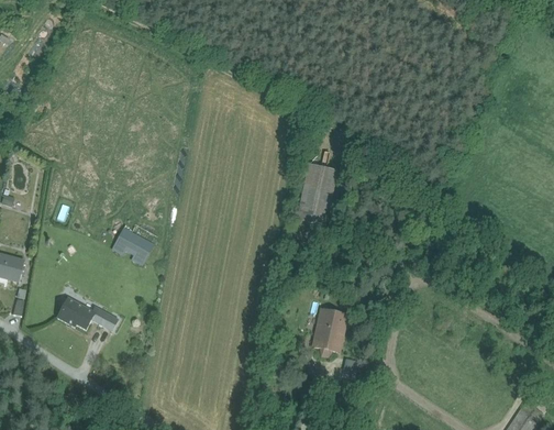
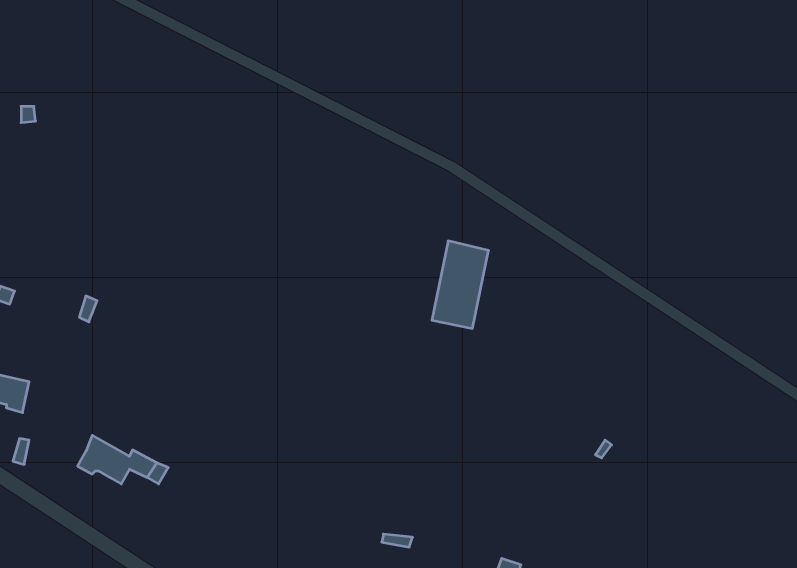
building: [113,228,153,264] -> none
building: [314,308,346,354] -> none

